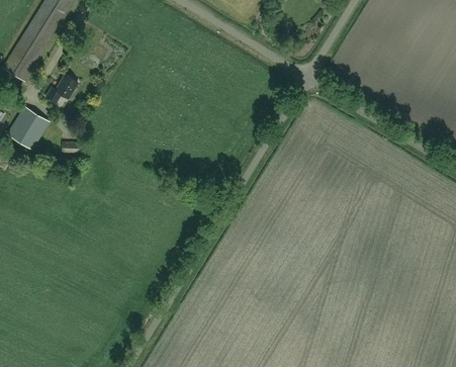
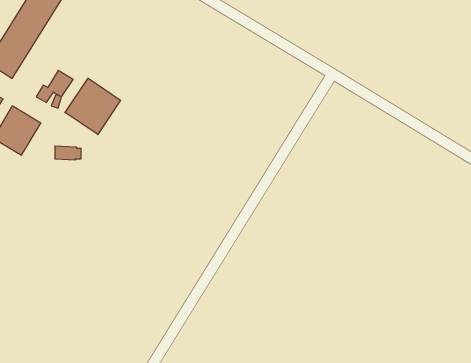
building: none -> [65,78,121,135]

